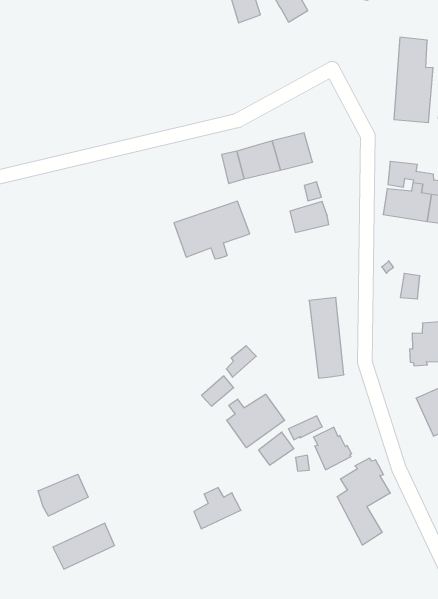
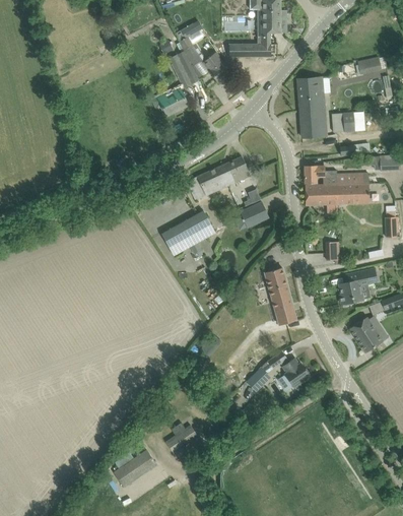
building: none -> [152,88,188,116]
building: [227,394,285,448] -> none
building: [337,458,390,545] -> none
building: [38,474,88,516] -> none
building: [194,488,241,529] -> [166,423,199,453]

